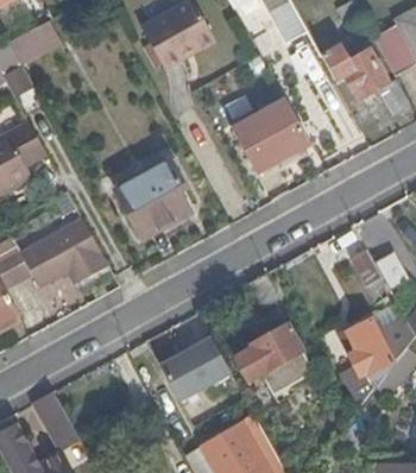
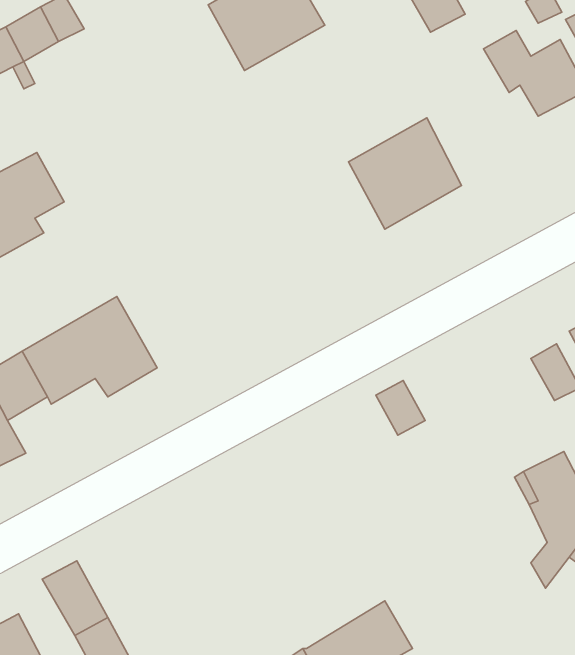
building: [118,160,188,234] -> none
building: [238,324,315,395] -> none
building: [159,335,231,399] -> none

